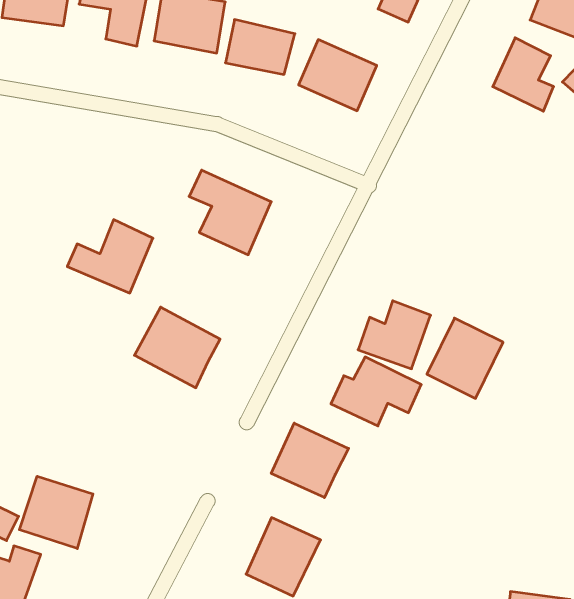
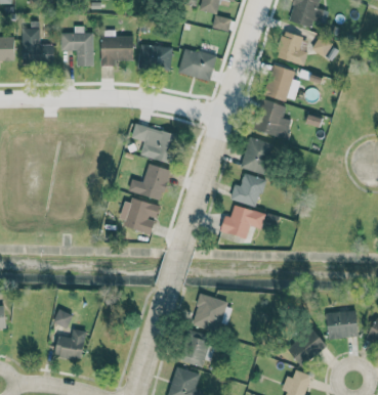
building: none -> [266,64,299,101]
building: none -> [254,99,292,138]
building: [67,220,153,293] -> [129,164,170,200]
building: [427,318,503,398] -> [241,137,277,176]
building: [271,423,349,498] -> none
building: [19,476,93,549] -> none

